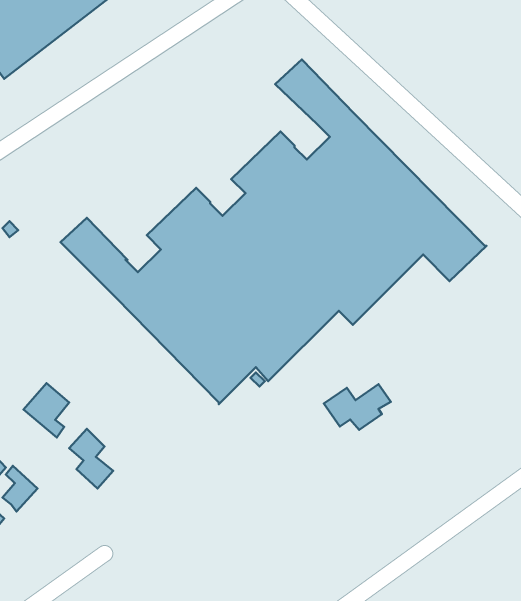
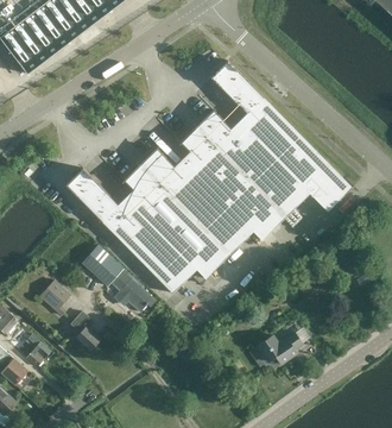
building: none -> [83,247,156,310]
building: [324,384,391,430] -> [257,332,302,363]

